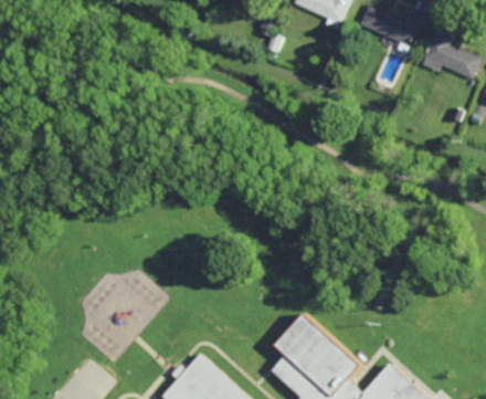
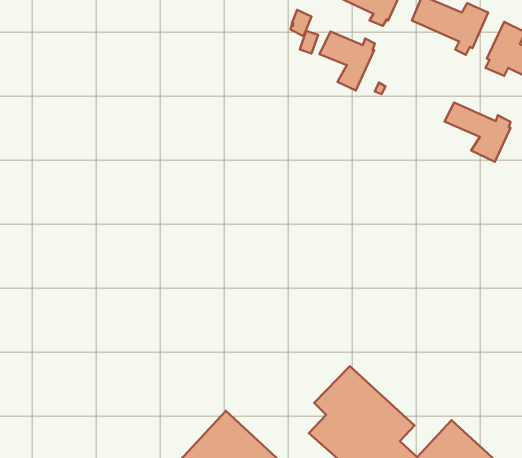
building: none -> [319,32,375,90]
building: none -> [444,102,511,162]

